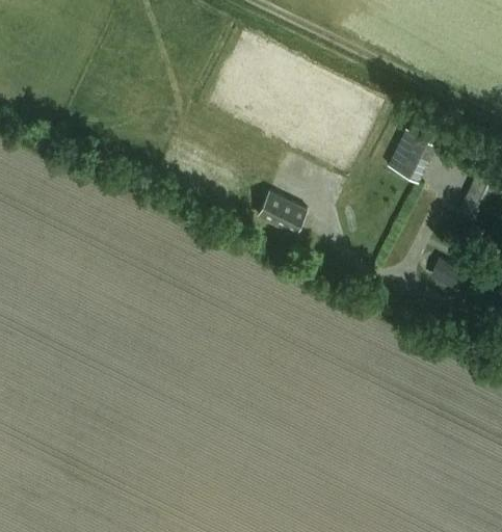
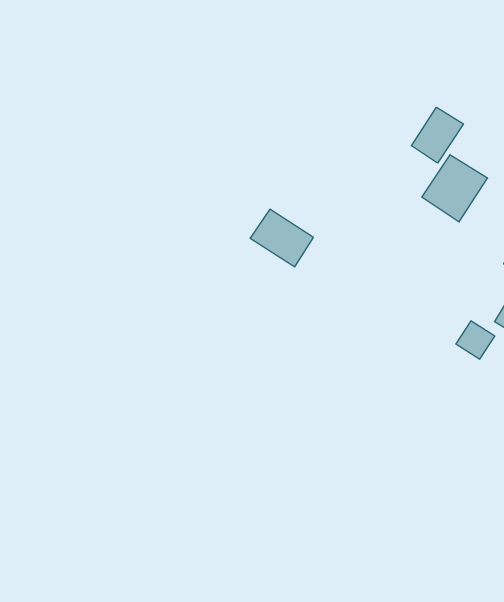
building: none -> [411,107,463,163]

